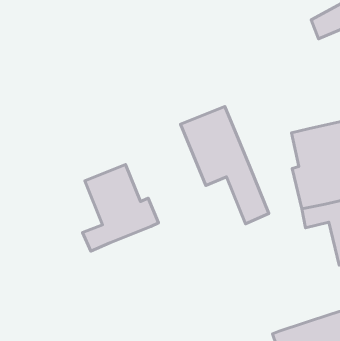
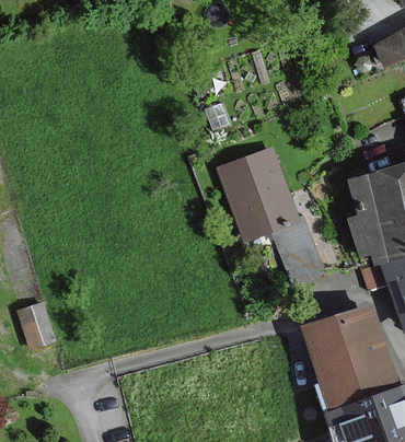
building: [83,164,158,251] -> none
building: none -> [15,296,55,345]
building: none -> [306,307,394,409]

